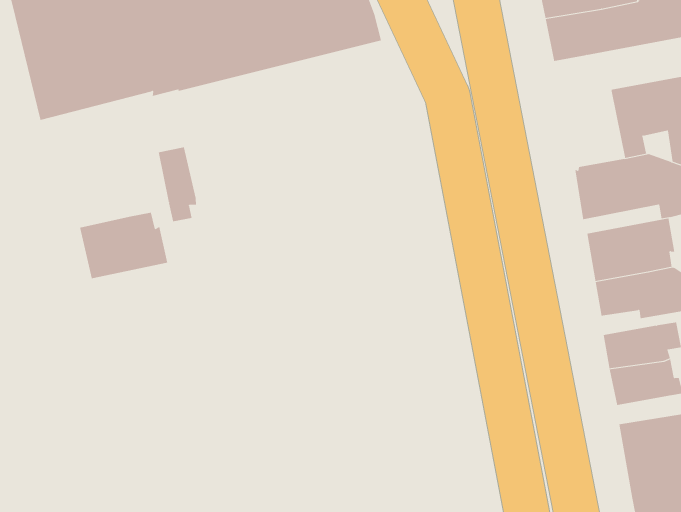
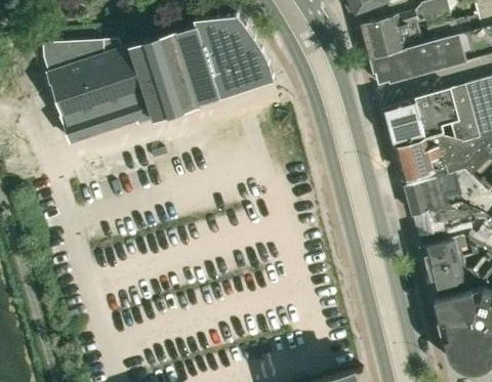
building: none -> [385,99,426,146]
building: [158,146,196,222] -> none
building: [80,212,168,279] -> none

